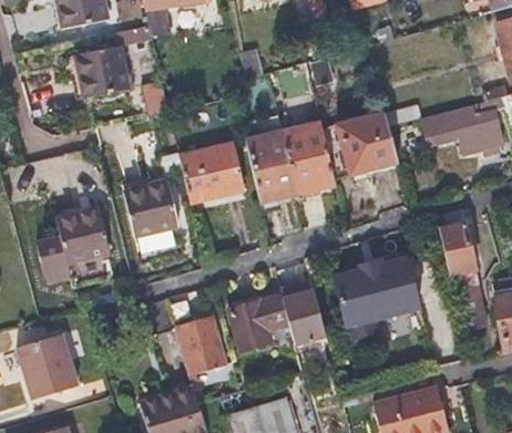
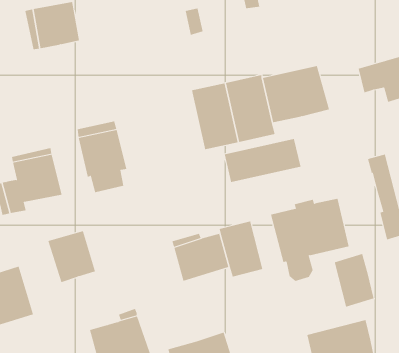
building: [181,144,243,203] -> none
building: none -> [224,138,301,183]
building: [173,316,225,372] -> [48,230,96,283]
building: none -> [334,253,374,307]

